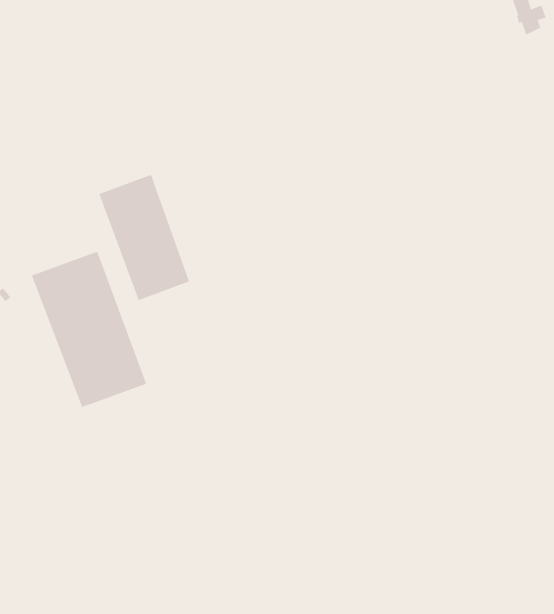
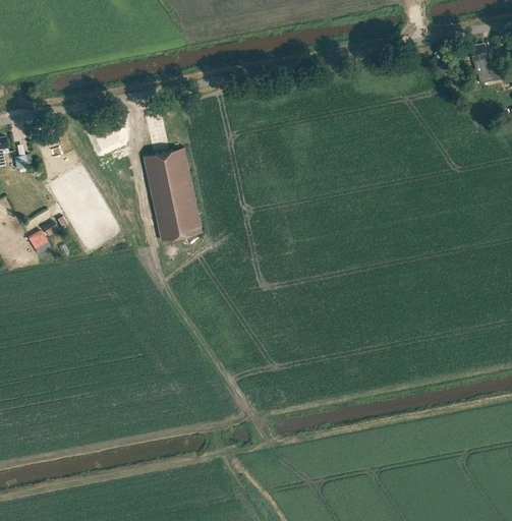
building: [31,251,147,408] -> none

